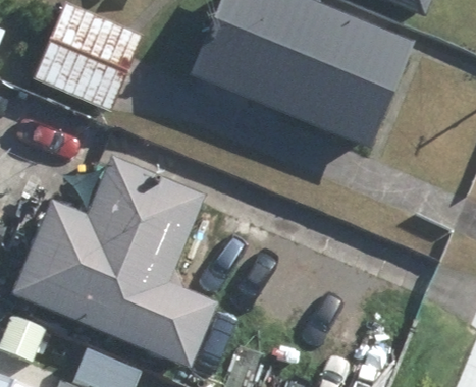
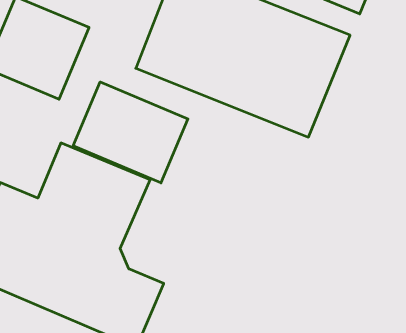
building: none -> [73,82,188,183]

